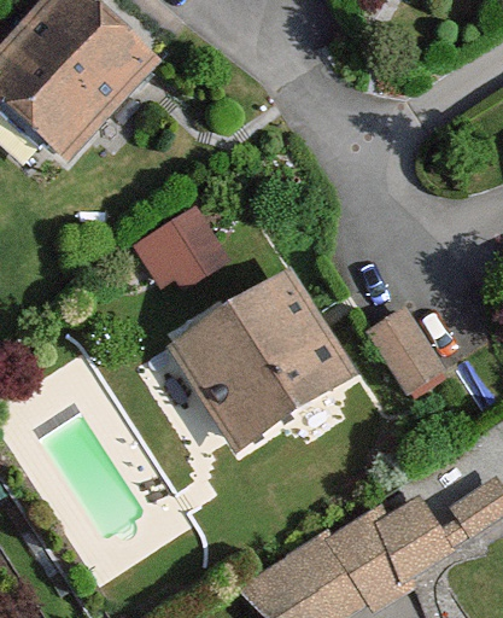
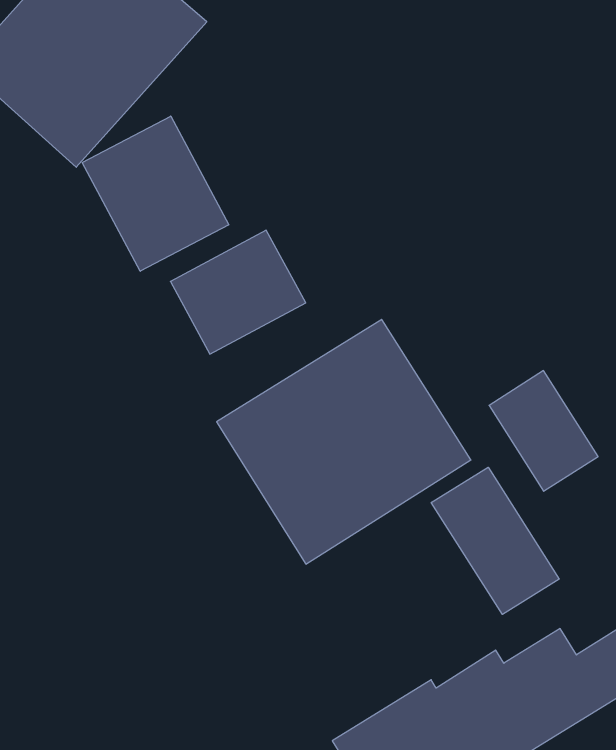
building: none -> [82,116,229,271]
building: none -> [431,467,559,614]

